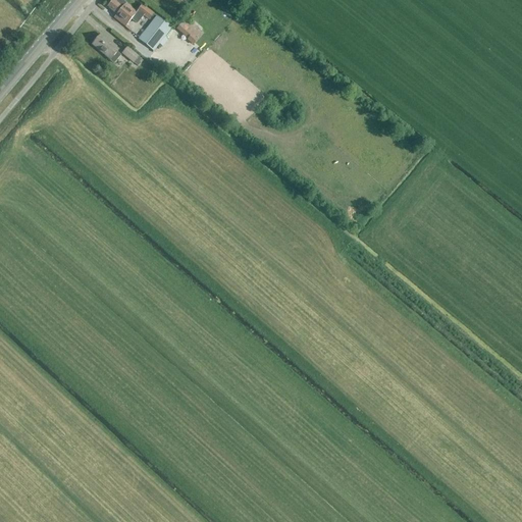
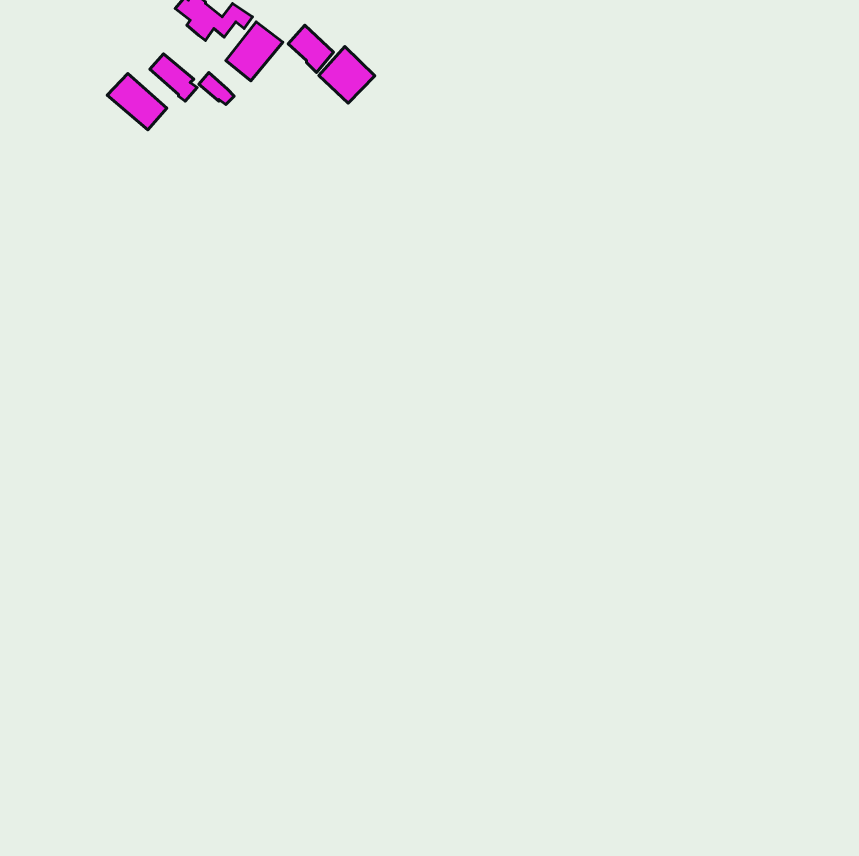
building: none -> [319,47,375,103]
building: none -> [107,73,167,130]

